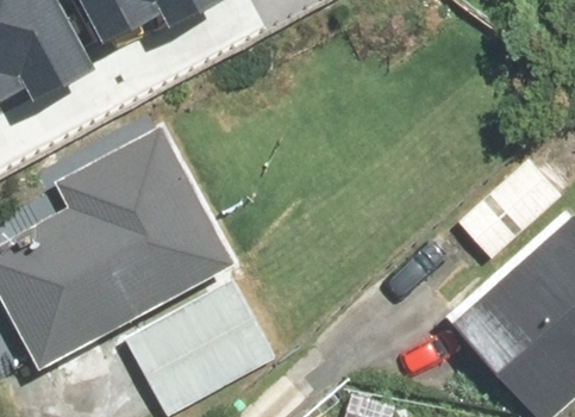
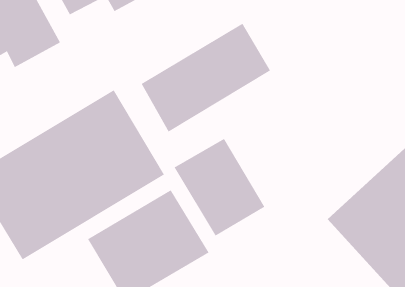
building: none -> [141,23,271,132]
building: none -> [174,138,265,237]

